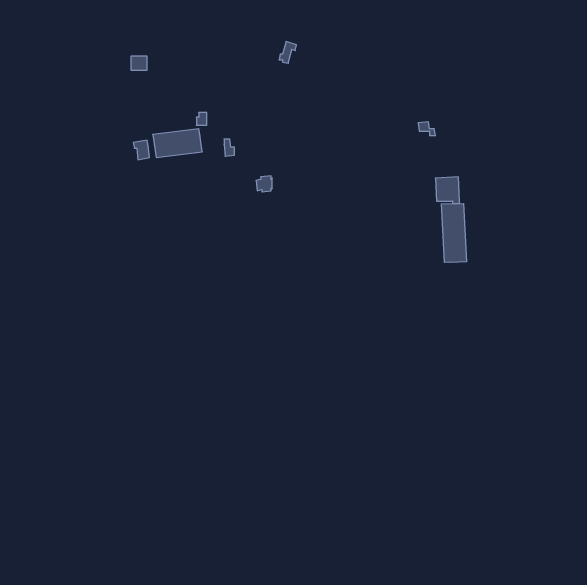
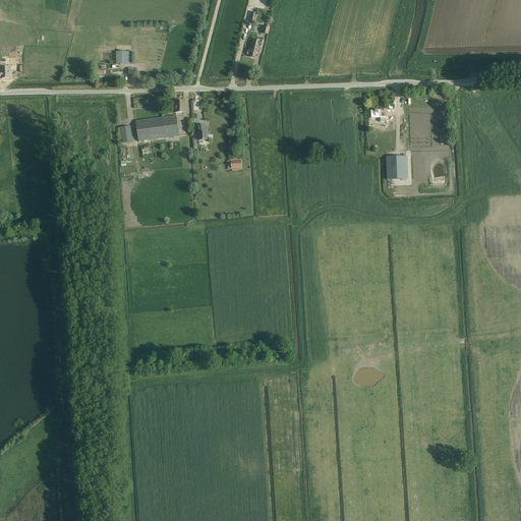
building: [441,204,466,262] -> none

